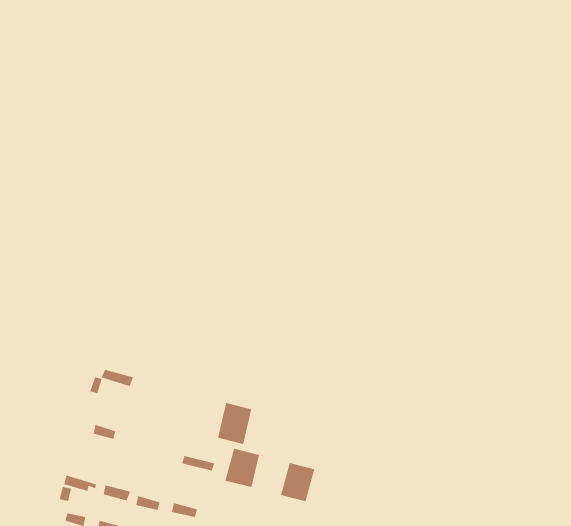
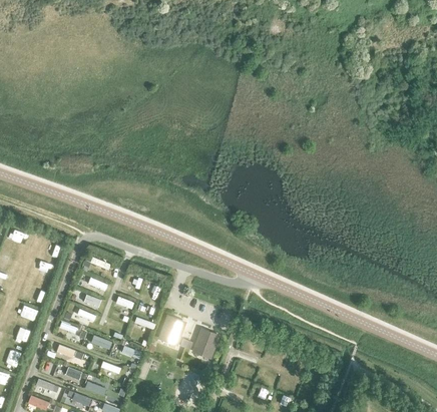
building: [217,402,252,445] -> none

